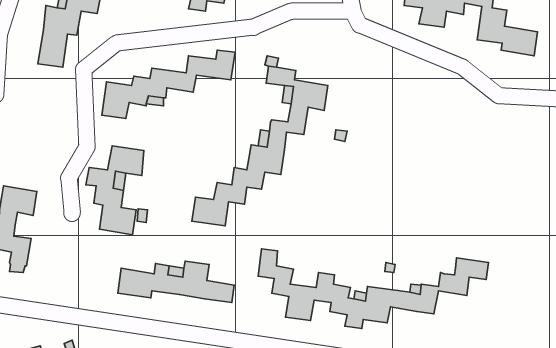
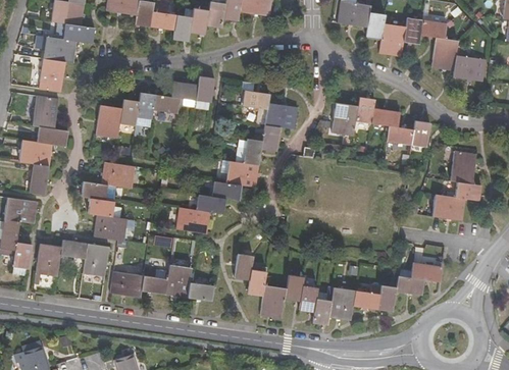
building: none -> [19,95,68,194]
building: none -> [332,96,430,147]
building: none -> [432,150,481,219]
building: none -> [35,239,109,283]

